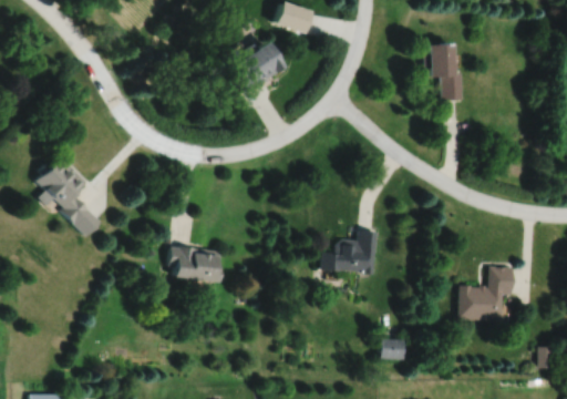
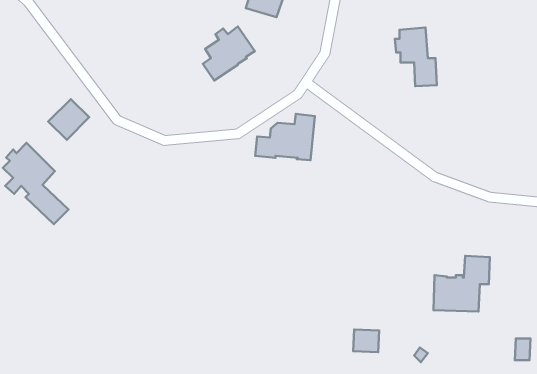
building: none -> [48,99,89,140]
building: [320,231,379,276] -> [255,114,315,160]
building: [168,247,221,284] -> none

